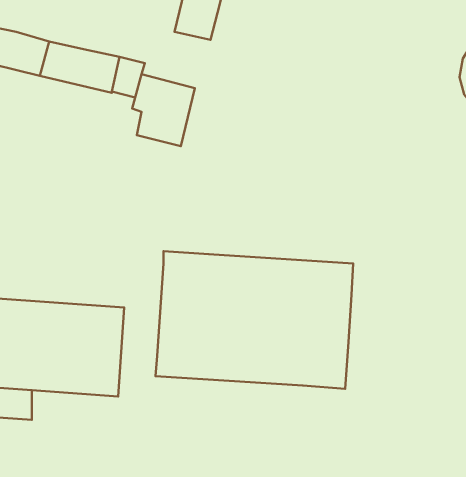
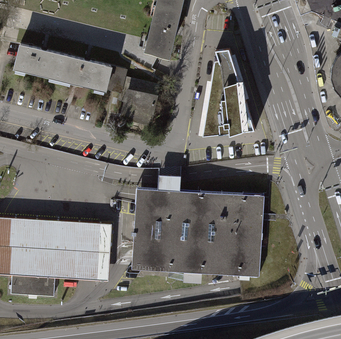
building: none -> [203,50,256,135]

